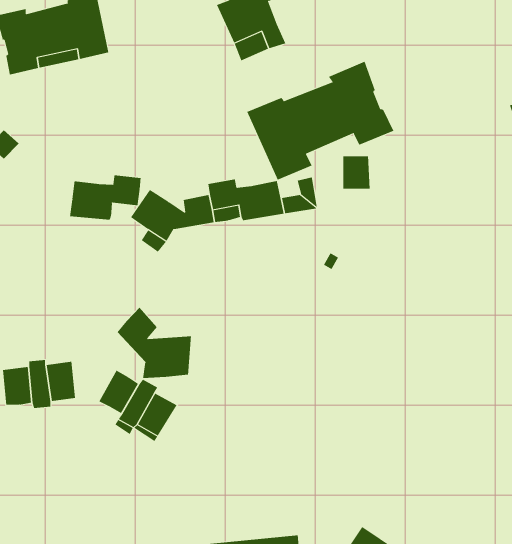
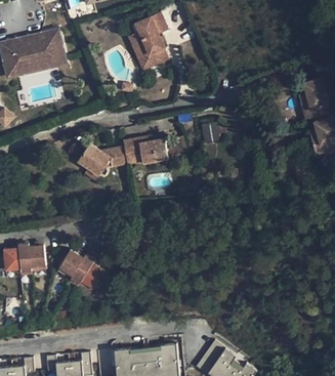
building: [247,61,394,180] -> none
building: [70,175,141,220] -> none
building: [117,307,191,379] -> none

